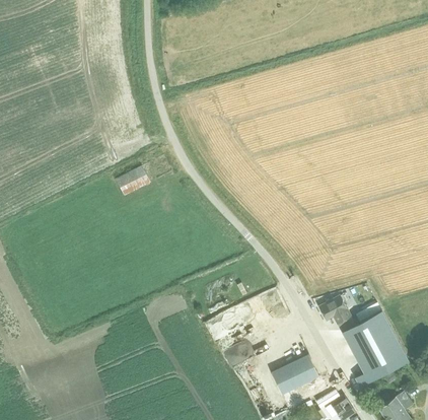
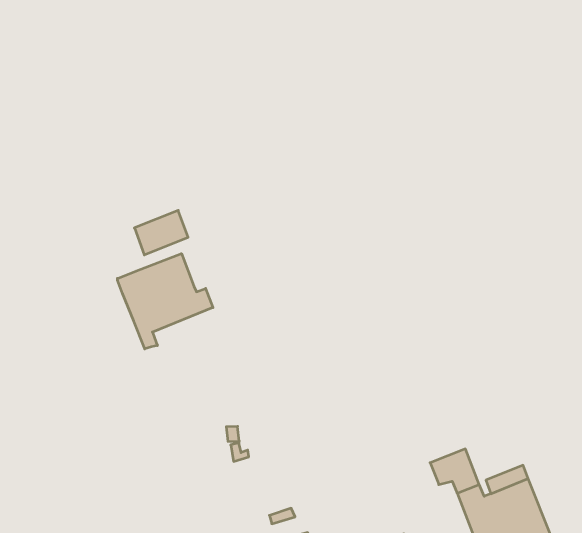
building: none -> [117,254,213,349]

